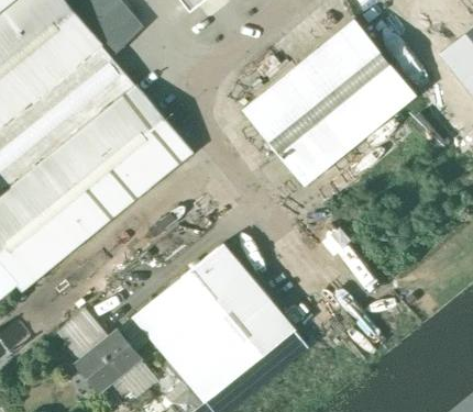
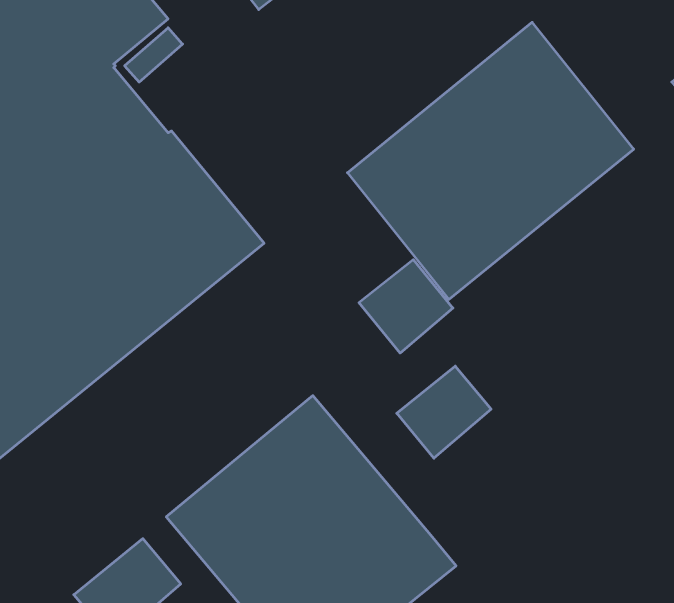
building: none -> [359,260,453,353]
building: none -> [397,366,491,458]

